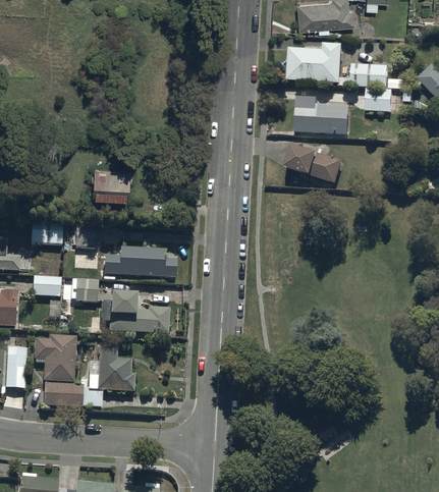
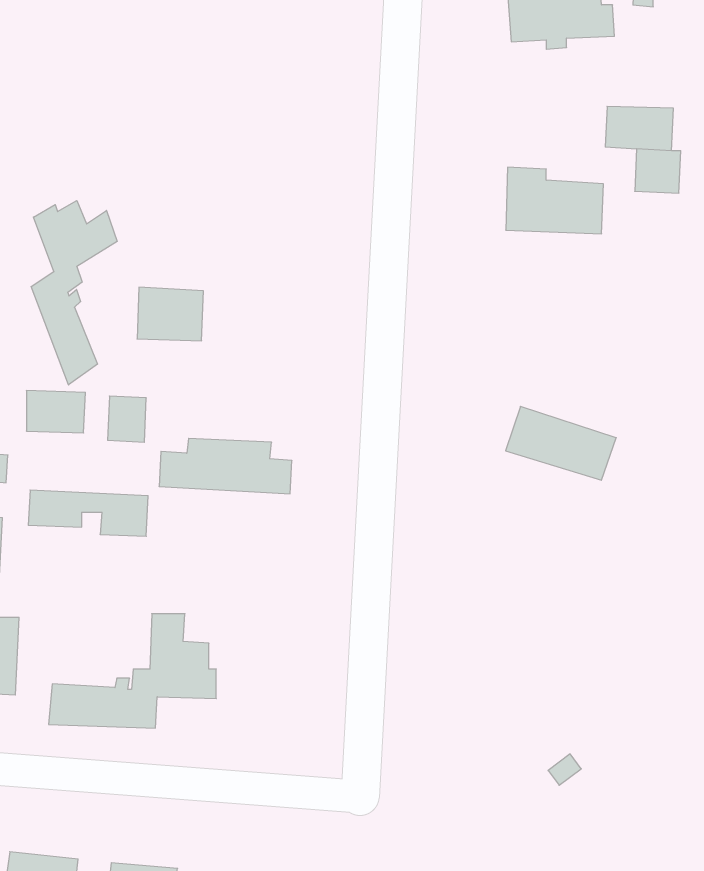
building: [284,44,342,81] -> none
building: none -> [31,201,117,385]
building: [280,143,341,183] -> [506,406,616,480]
building: [109,292,170,333] -> none
building: [35,334,75,382] -> none

